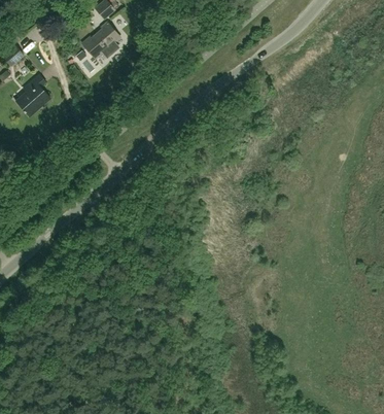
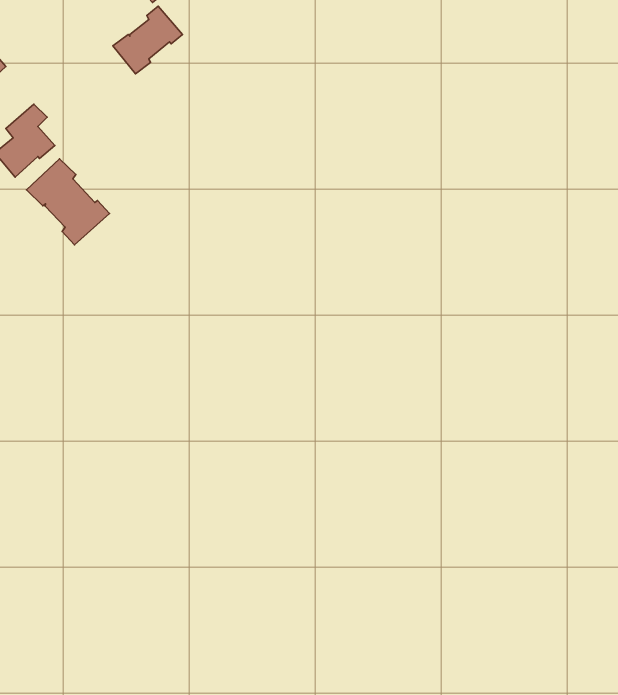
building: none -> [27,159,110,245]

